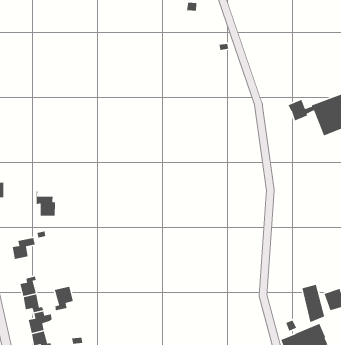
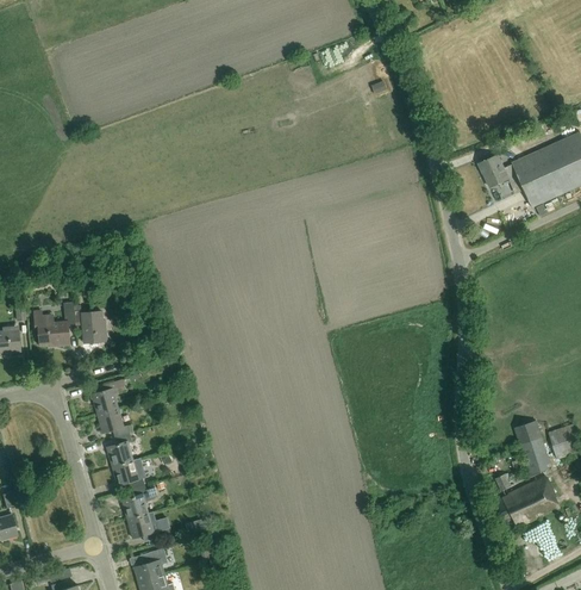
building: [36,191,56,217] -> [76,305,107,342]
building: none -> [98,408,130,436]
building: [54,286,74,311] -> none

